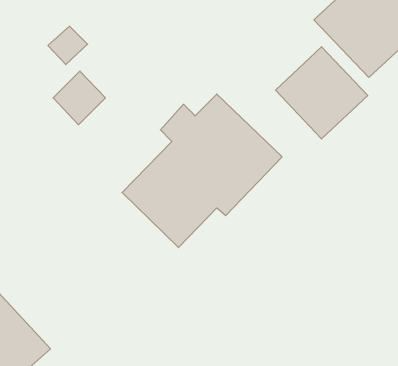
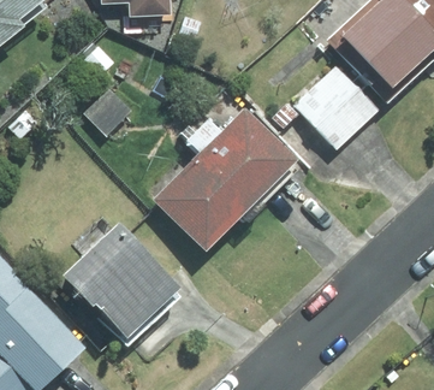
building: none -> [58,223,176,348]

